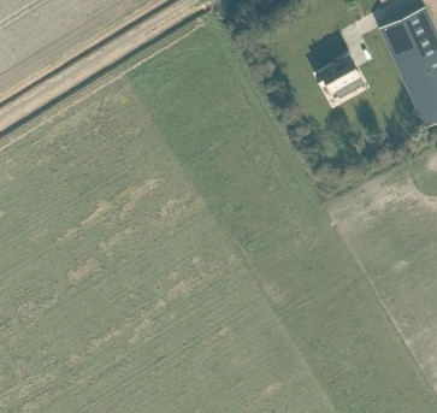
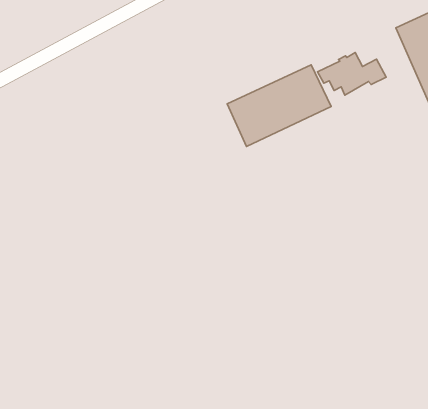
building: none -> [227,65,331,147]

